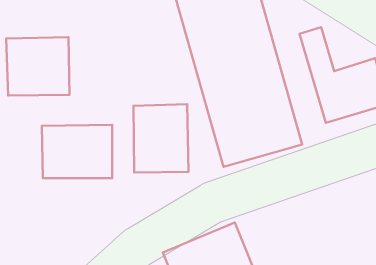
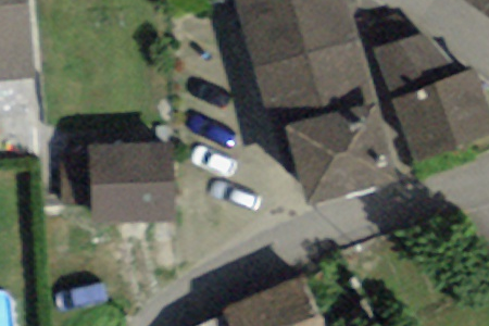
building: [6,37,69,95] -> none
building: [133,104,189,172] -> none

